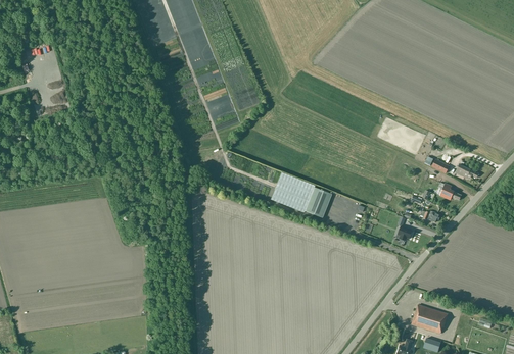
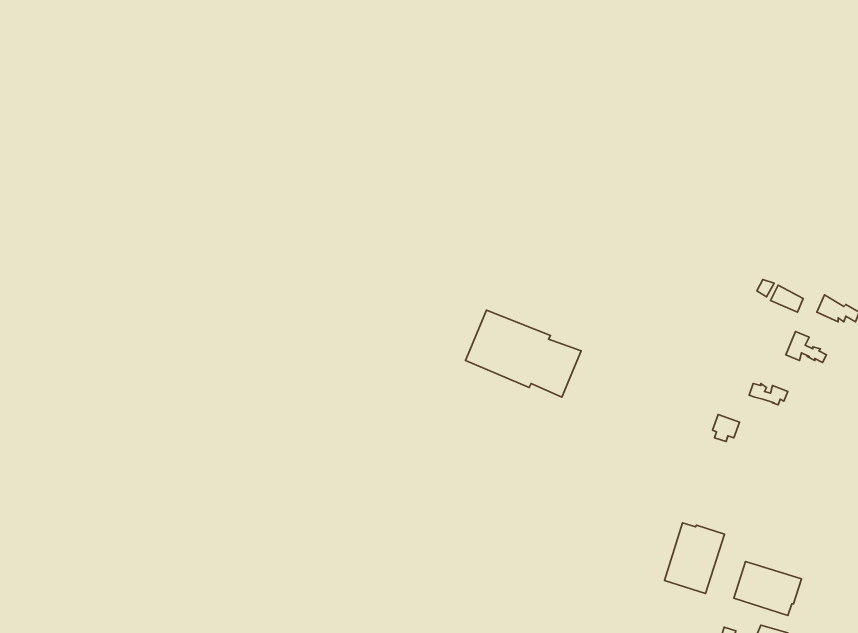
building: none -> [665,523,724,593]

